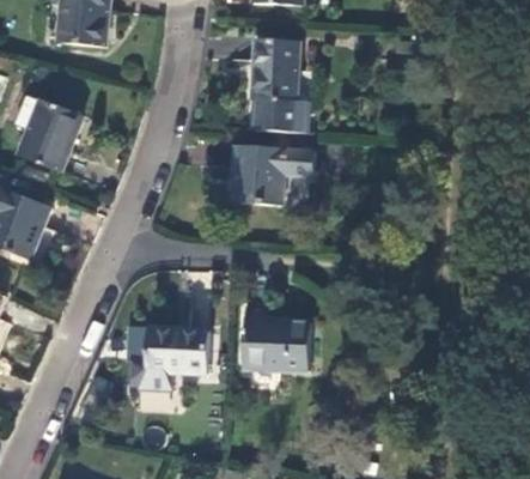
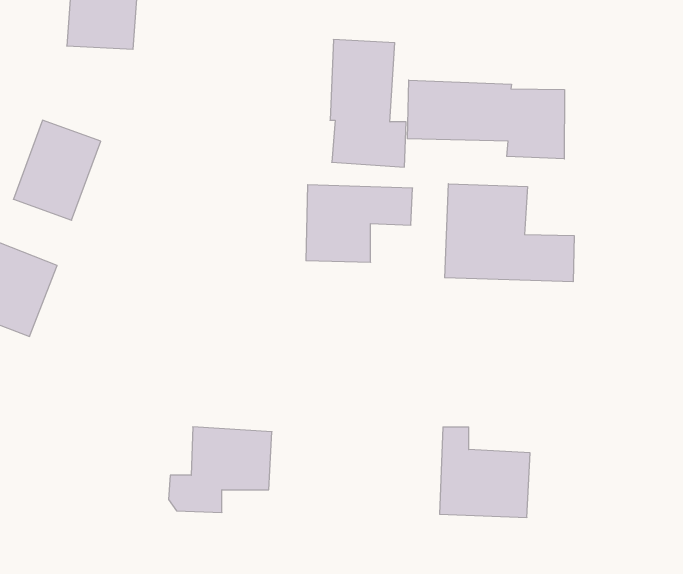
building: none -> [407,80,564,159]
building: none -> [445,184,574,282]
building: [243,303,310,370] -> [440,427,530,517]

